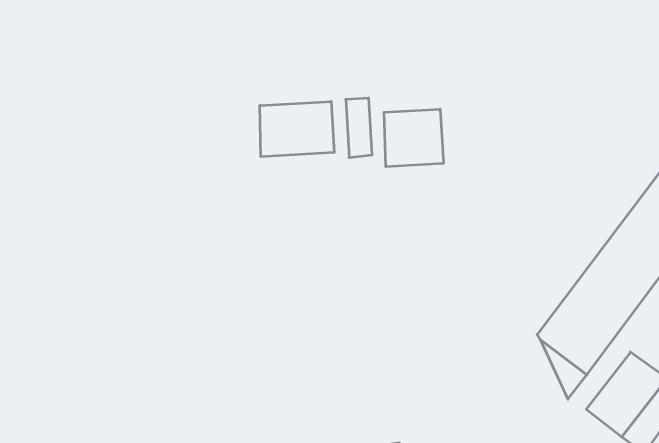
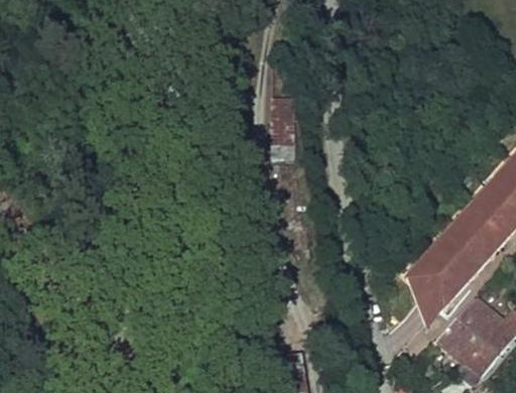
building: [260,101,334,157] -> none
building: [384,109,443,167] -> none

